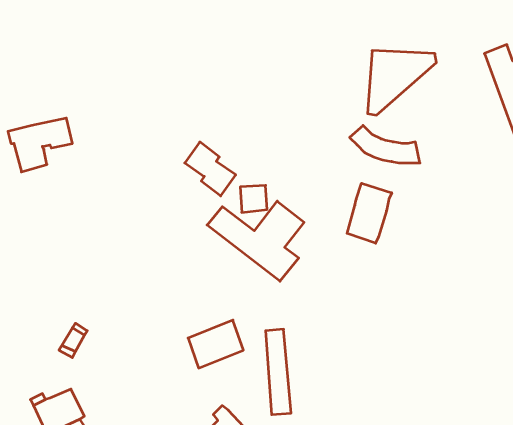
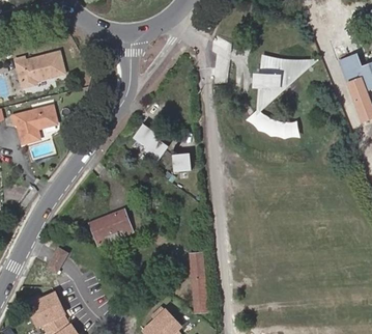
building: none -> [15,51,63,88]
building: [347,183,392,243] -> none
building: [207,201,304,281] -> none
building: [188,320,243,368] -> [91,210,130,243]

